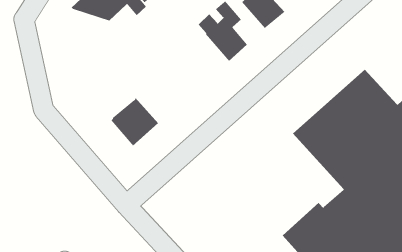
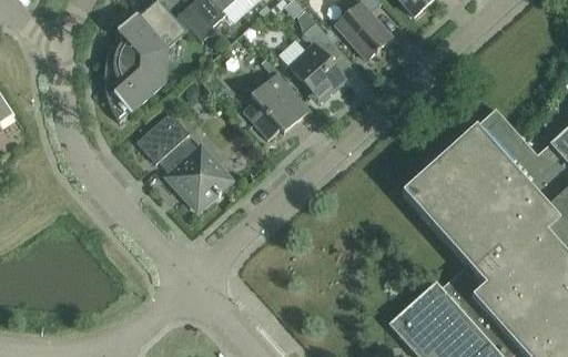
building: none -> [104,32,168,121]
building: none -> [243,71,311,139]
building: none -> [138,111,199,172]

